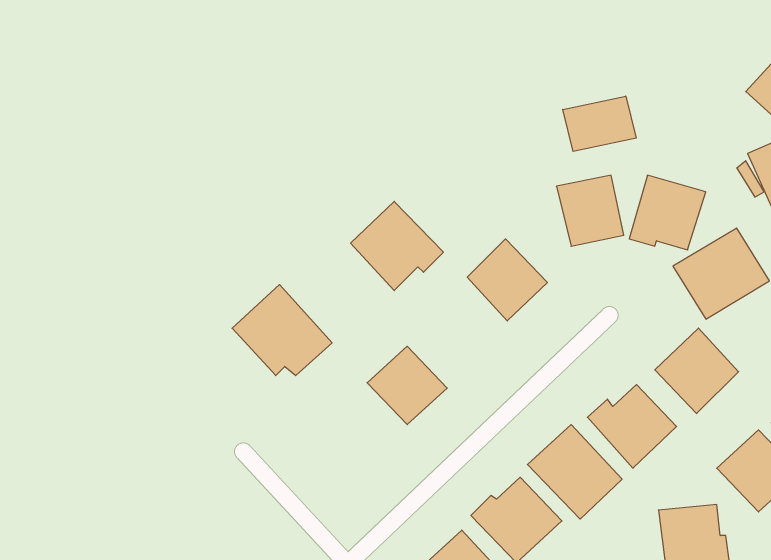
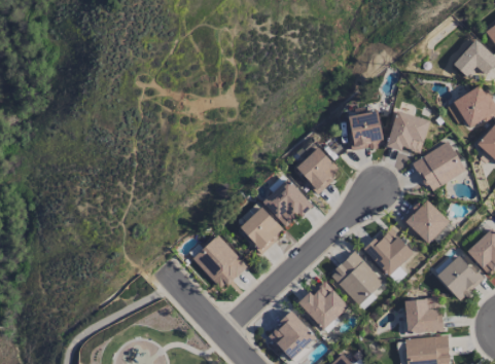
building: [563,96,636,151] -> none
building: [351,201,443,291] -> [260,176,313,226]
building: [232,285,332,376] -> [191,233,248,285]

